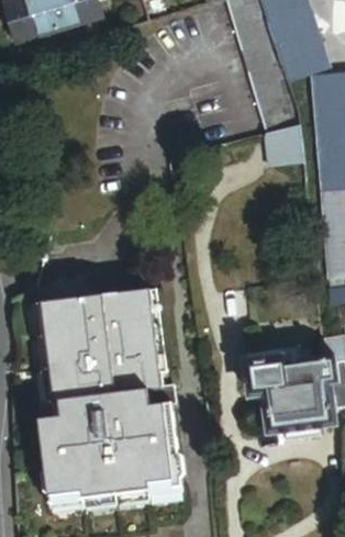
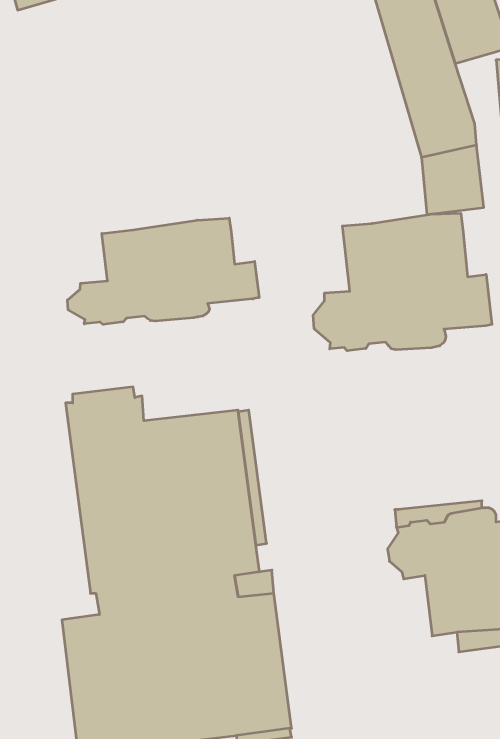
building: none -> [313,213,492,351]
building: none -> [67,218,259,324]

